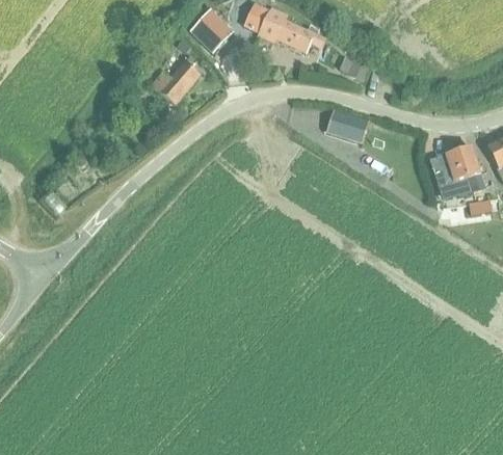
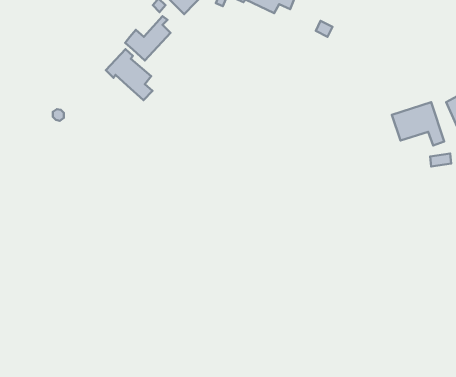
building: none -> [106,49,152,100]
building: [325,109,369,142] -> none

